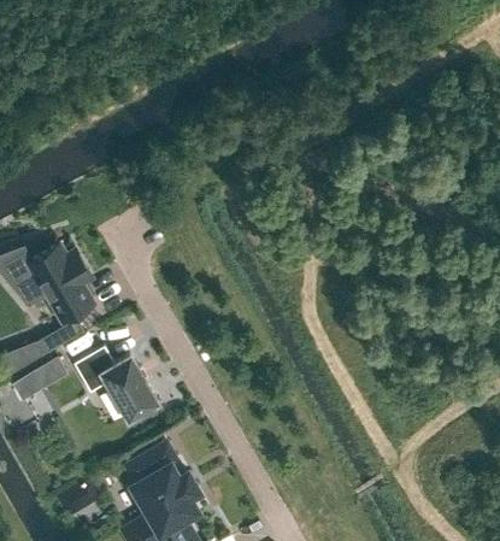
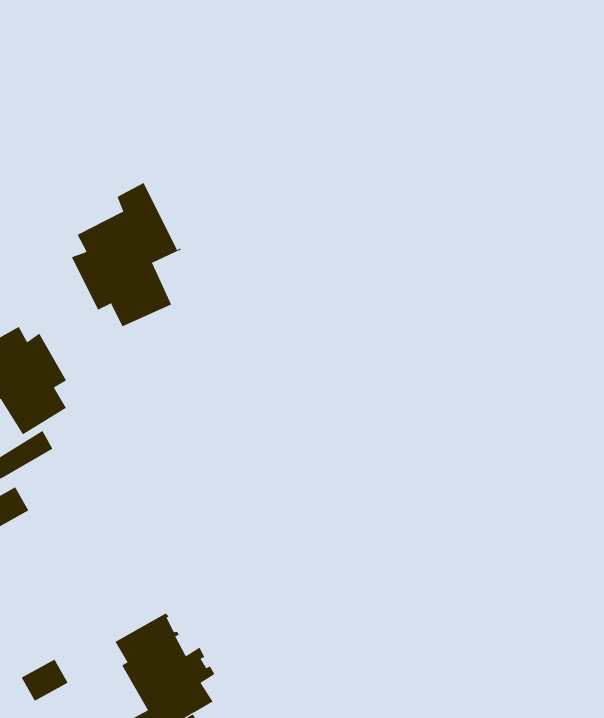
building: none -> [71,182,181,327]
building: [73,348,157,421] -> none

